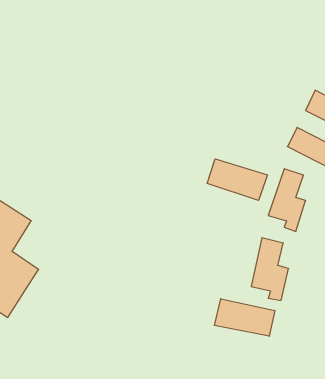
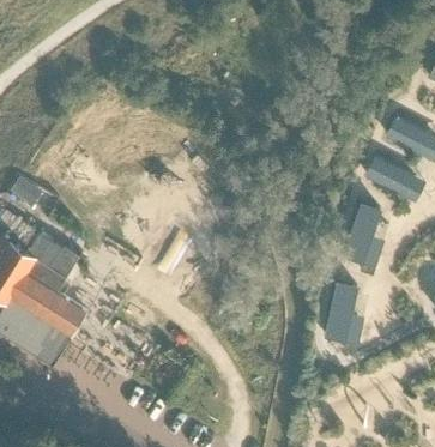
building: [207,159,267,200] -> none
building: [214,299,275,336] -> none

